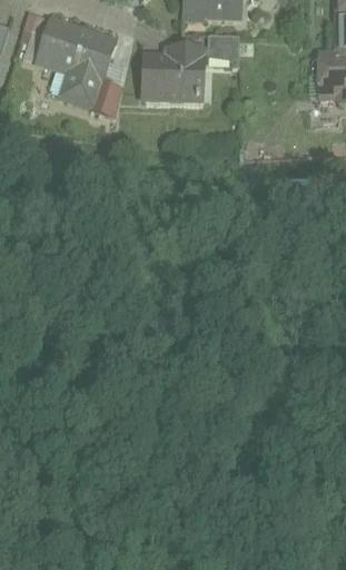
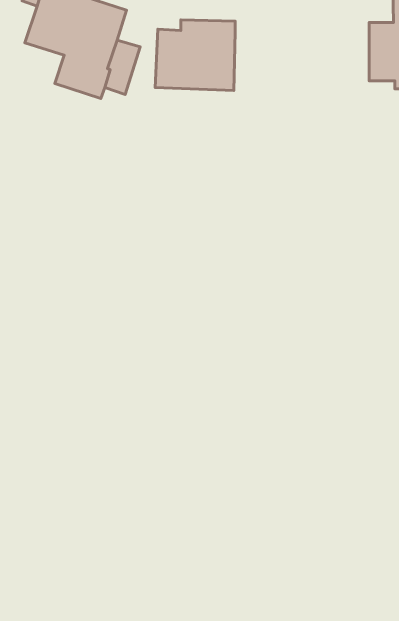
building: [205,37,237,60] -> none

